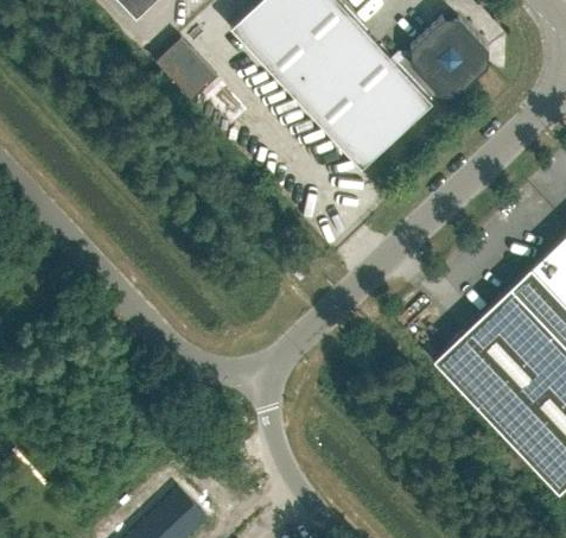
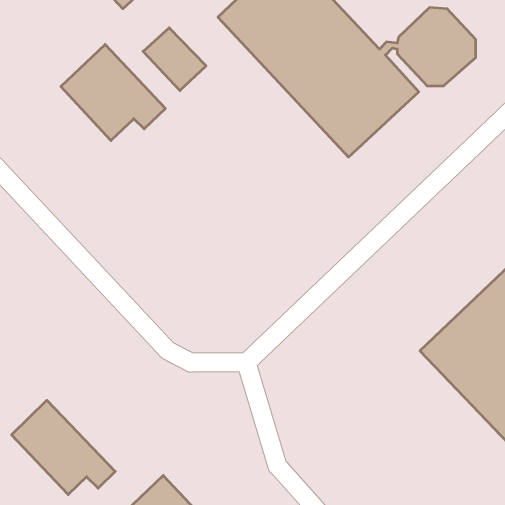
building: none -> [61,44,165,141]
building: none -> [12,400,115,495]

